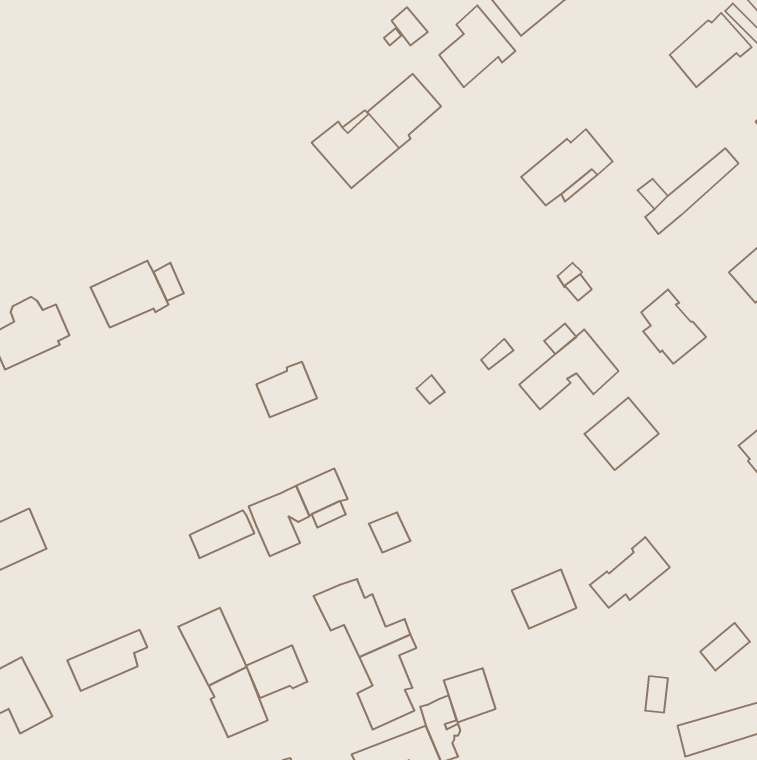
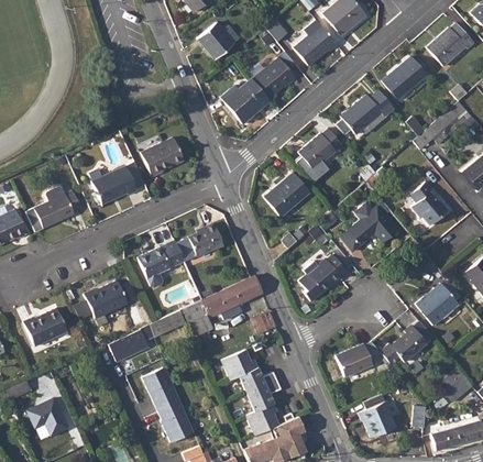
building: none -> [197,21,241,58]
building: none -> [382,55,426,98]
building: none -> [298,128,342,169]
building: none -> [142,136,185,176]
building: none -> [264,172,310,217]
building: none -> [138,240,185,287]
building: [584,398,659,470] -> [416,283,459,324]
building: none -> [306,253,347,292]
building: none -> [233,275,263,302]
building: none -> [85,280,128,318]
building: [67,630,147,691] -> [108,323,154,359]
building: [246,645,307,698] -> none
building: [444,668,495,722] -> none
building: none -> [360,402,396,437]

